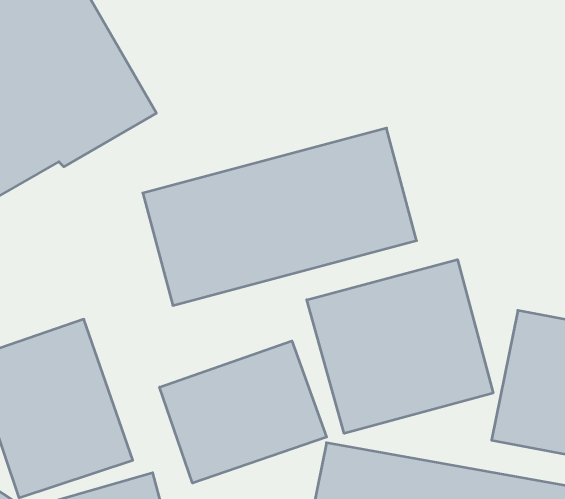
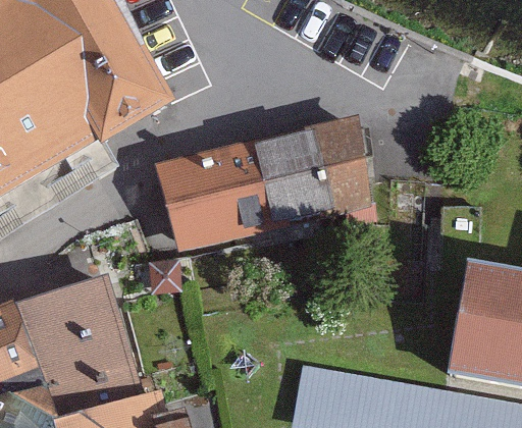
building: [307,260,493,433] -> none
building: [160,341,327,483] -> none

